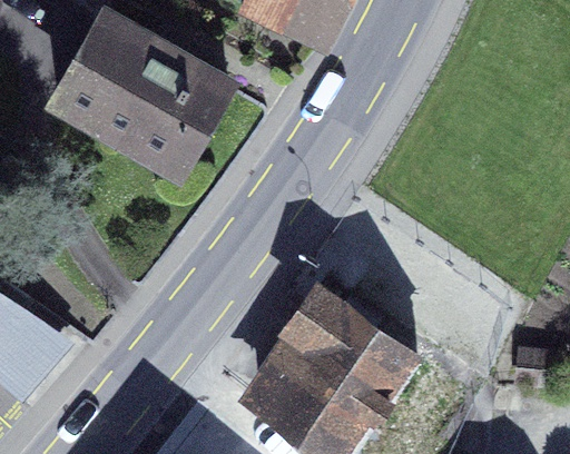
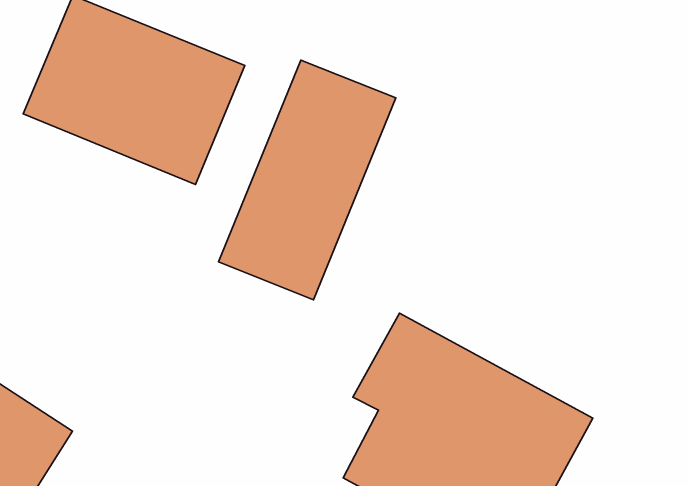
building: none -> [218,60,396,300]

